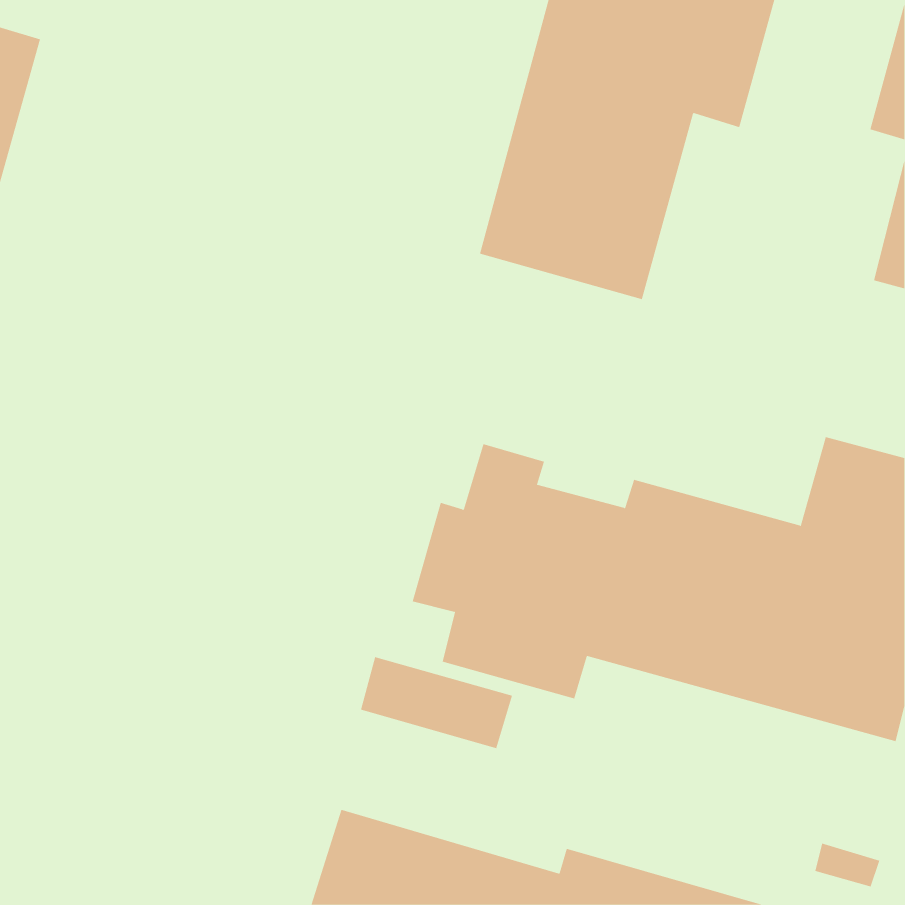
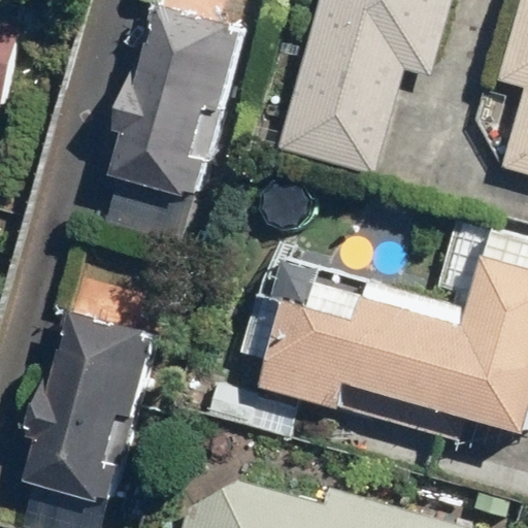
building: none -> [107,12,241,208]
building: none -> [19,319,153,512]

